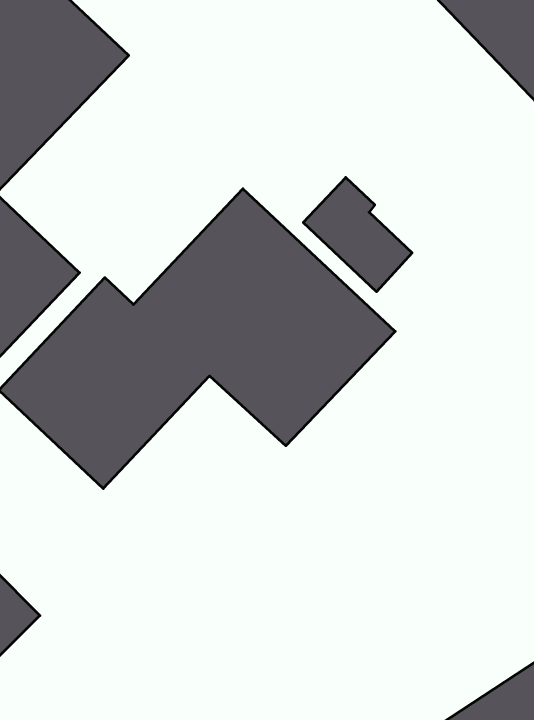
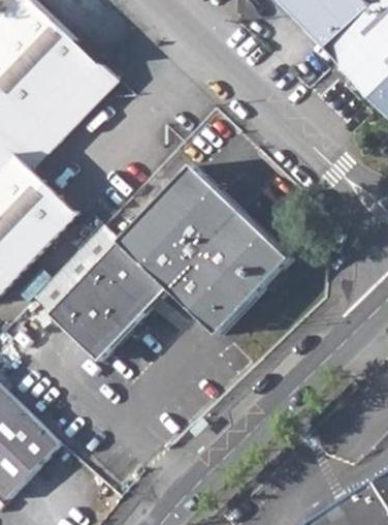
building: [303,177,412,292] -> none

